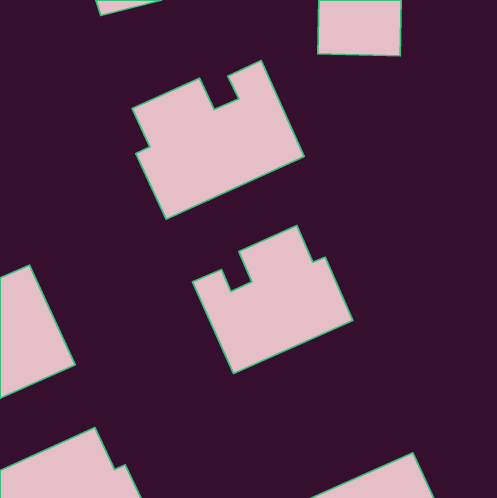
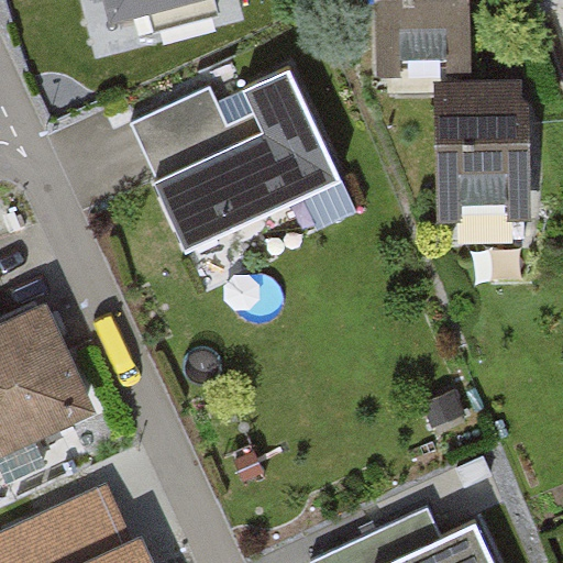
building: none -> [418,87,508,213]
building: [192,225,353,374] -> none

